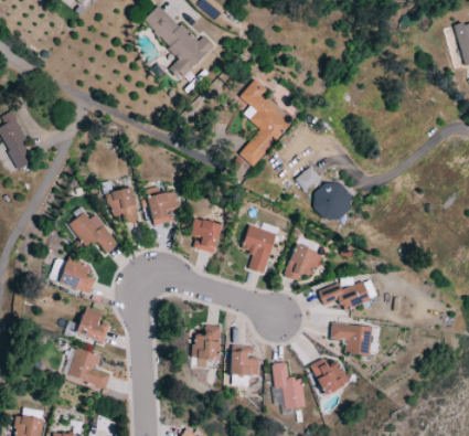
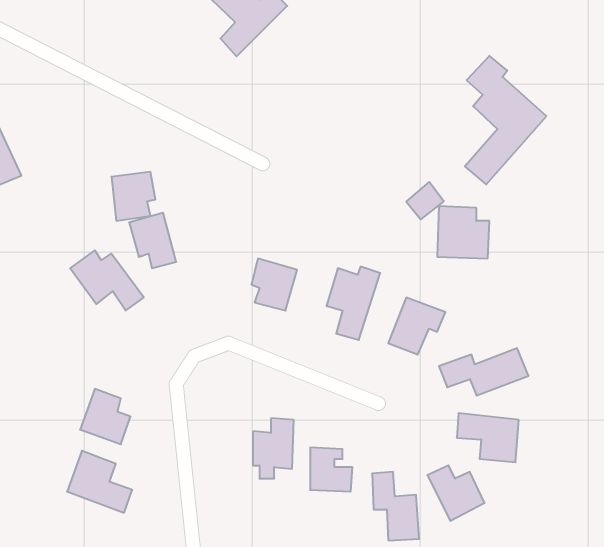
building: [238,79,294,167] -> [465,56,546,184]
building: [149,192,179,225] -> [111,172,155,221]
building: [58,257,95,294] -> none

